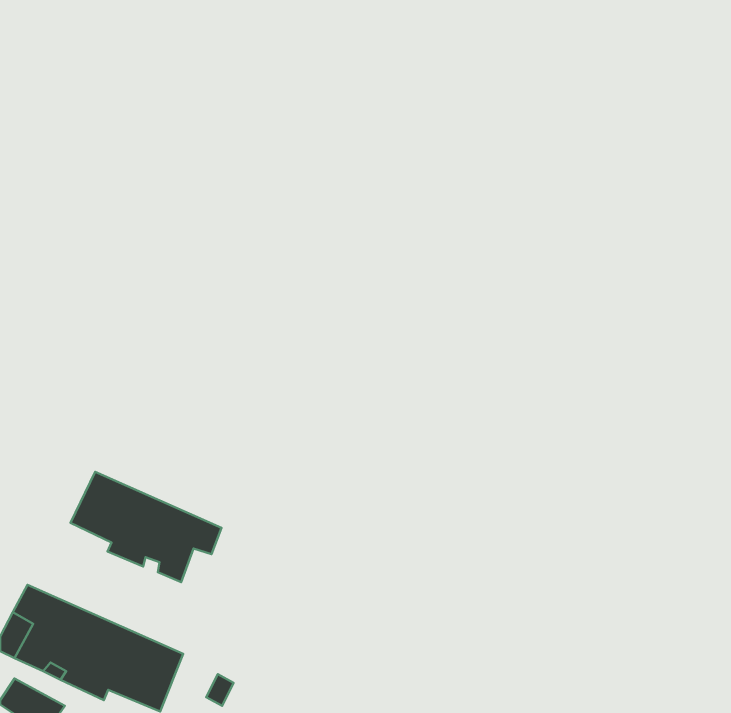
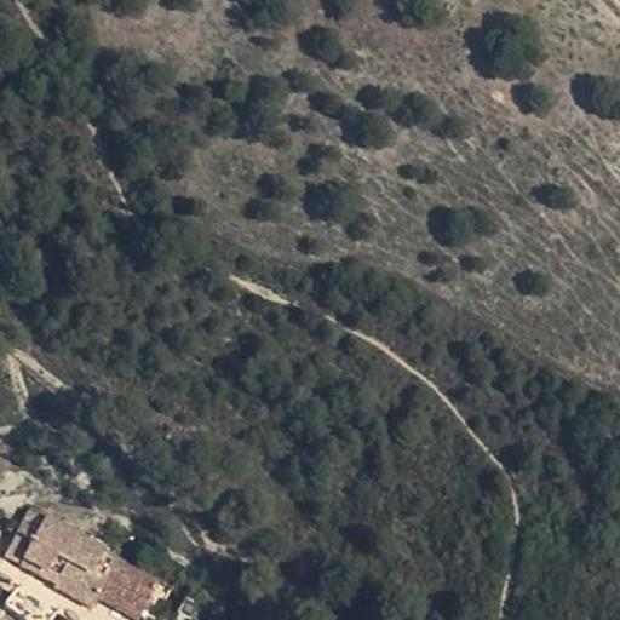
building: [71,472,221,582] -> none

